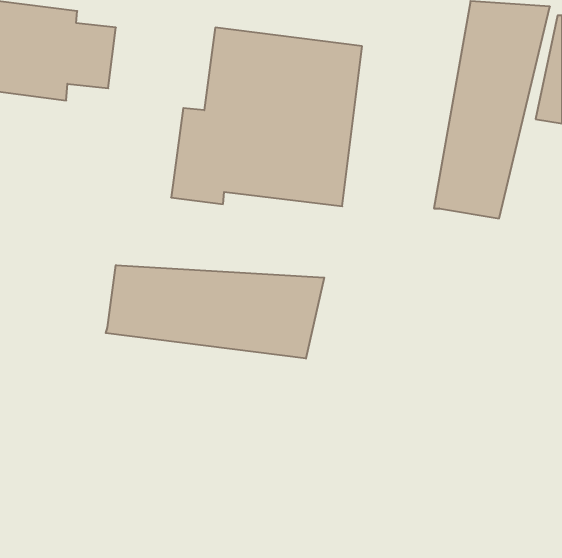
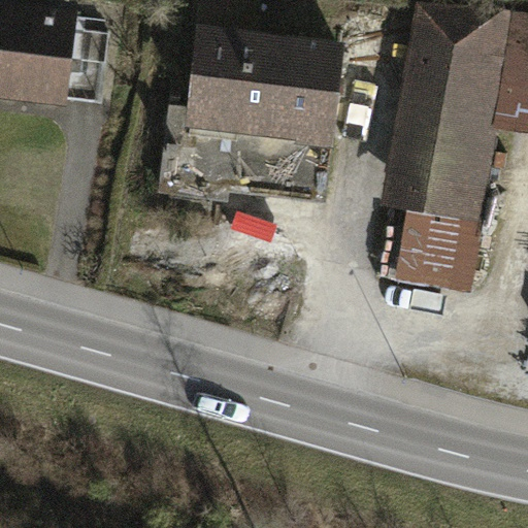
building: none -> [399,195,472,279]
building: [106,265,324,359] -> none

